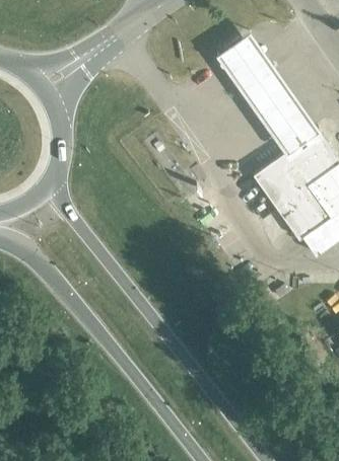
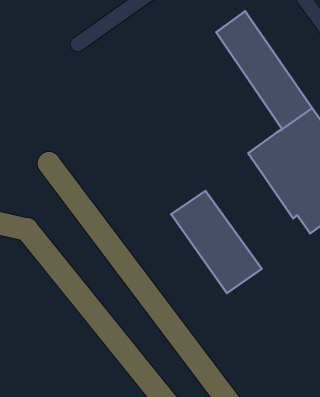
building: none -> [171,191,262,293]

